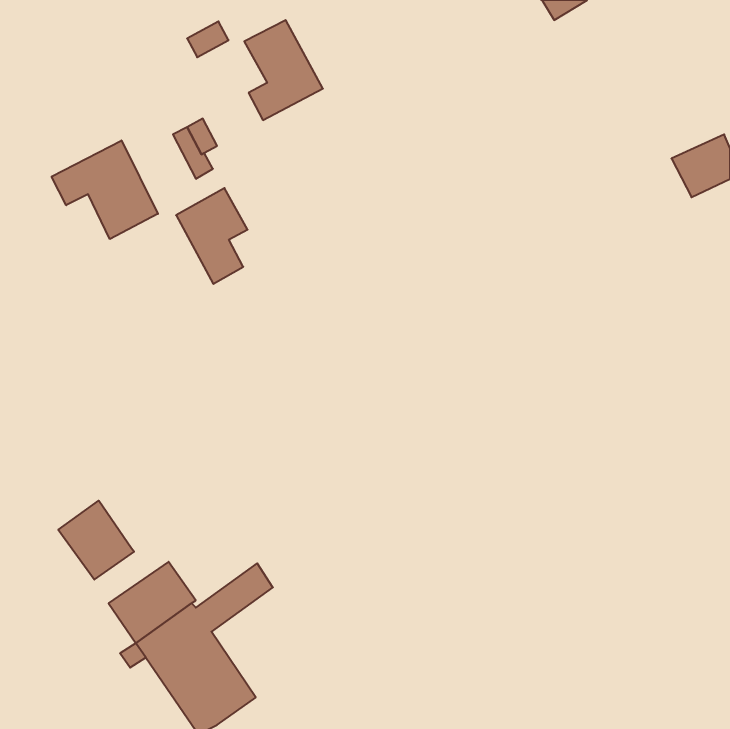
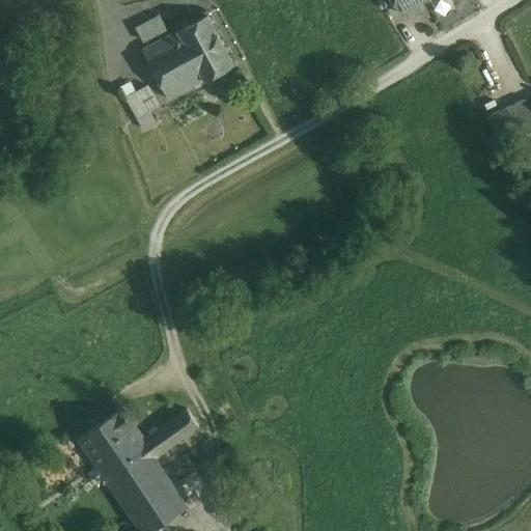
building: [52,140,158,239] -> none
building: [176,188,248,284] -> [142,31,194,101]
building: [58,501,134,580] -> none

